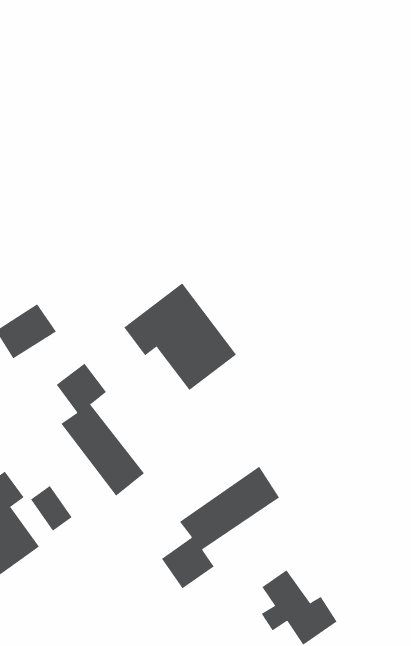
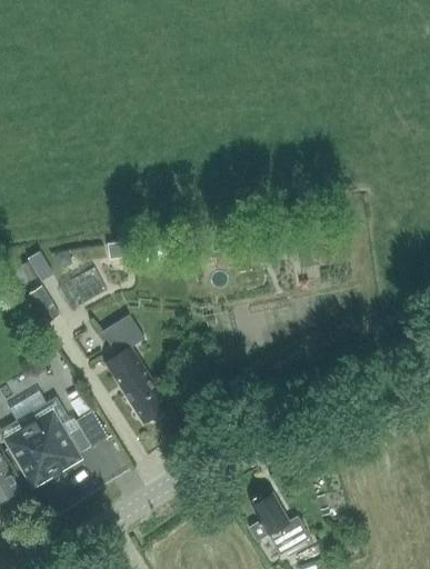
building: [123,283,237,391] -> none
building: [161,466,280,589] -> none

